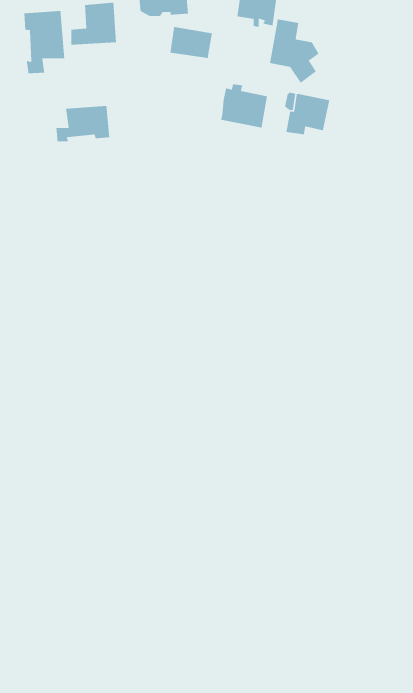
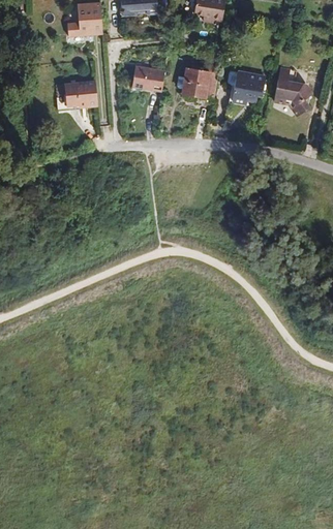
building: [23,10,65,74] -> none
building: [269,19,319,84] -> [273,66,311,116]
building: [169,26,213,59] -> [131,65,164,90]

